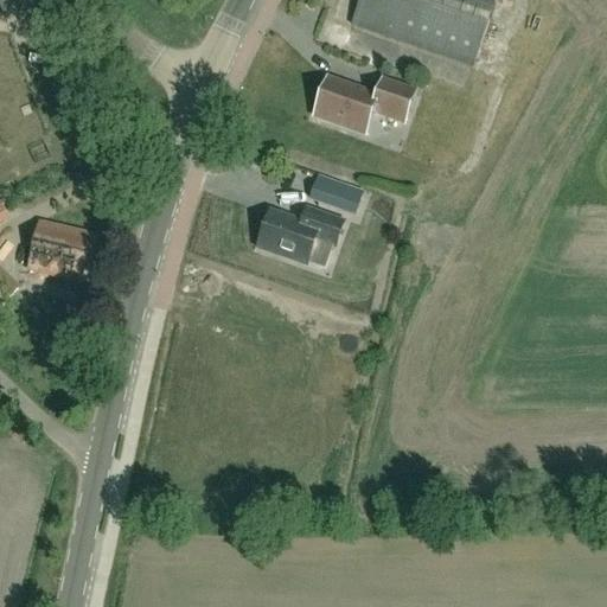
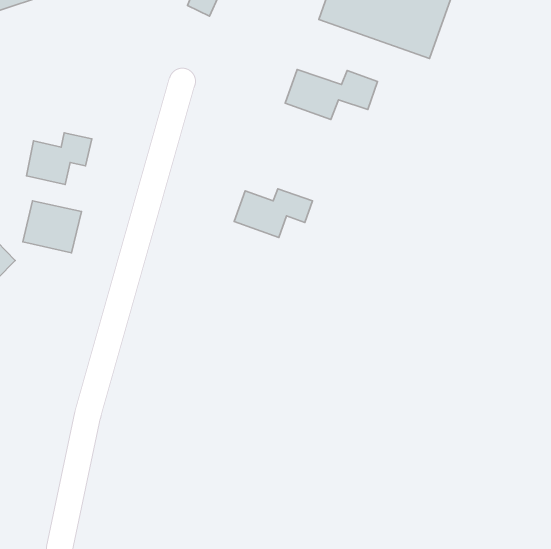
building: none -> [26,133,92,184]
building: [307,171,360,211] -> none

